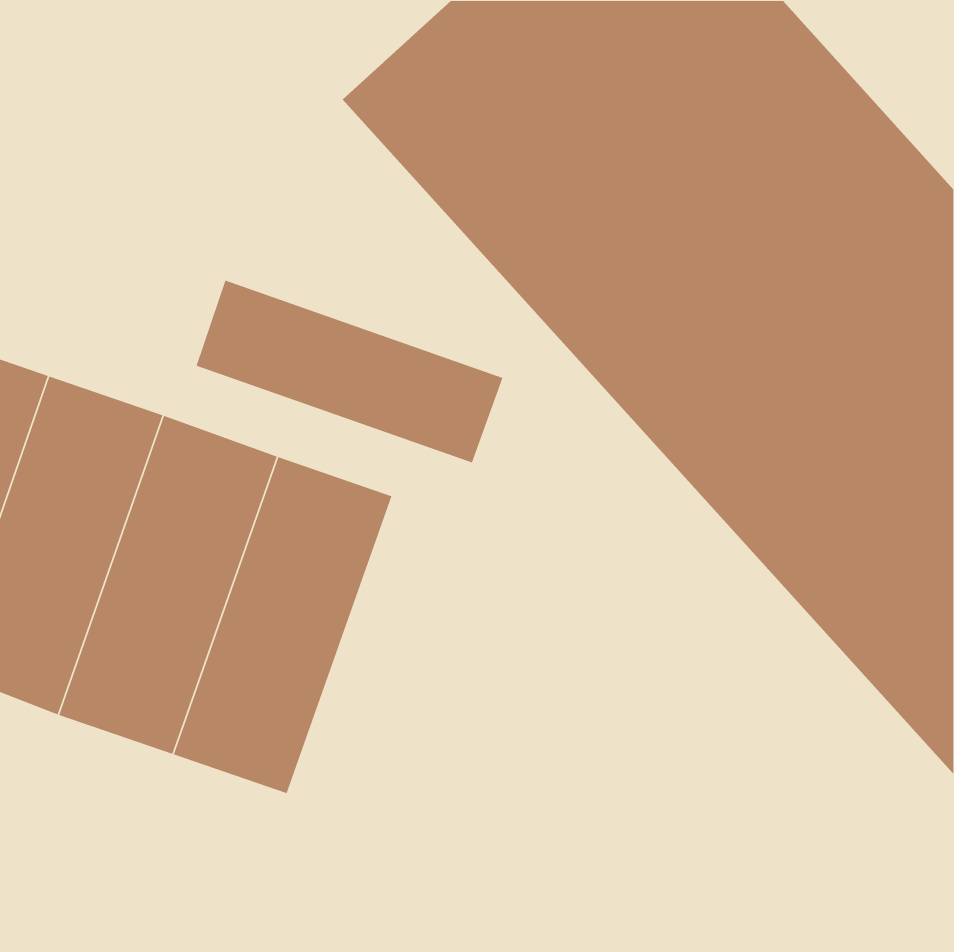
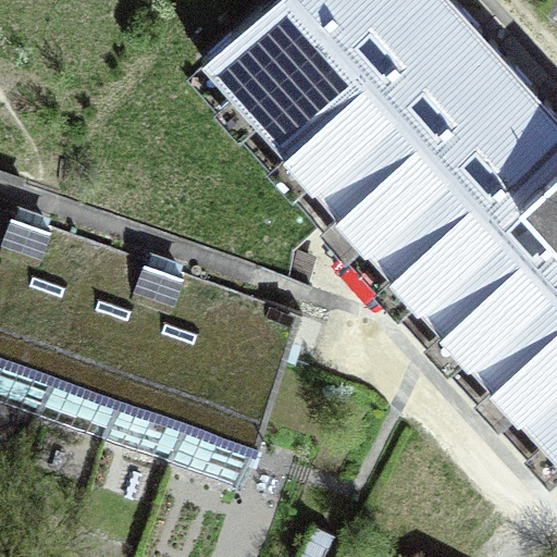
building: [196,279,503,463] -> none
building: none -> [166,292,298,488]

